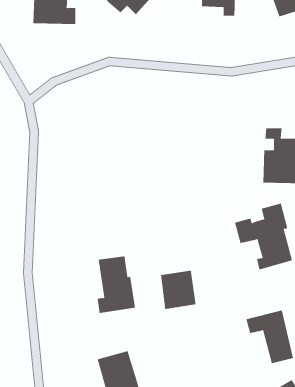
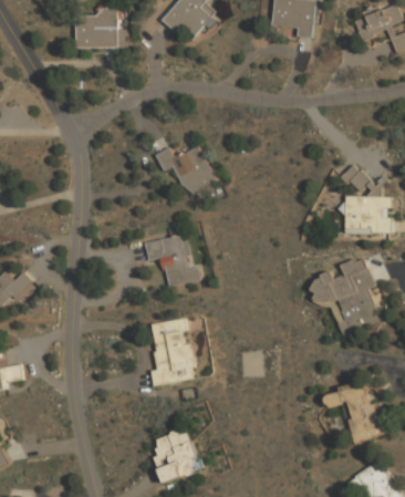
building: none -> [155,146,215,196]
building: none -> [144,236,199,286]
building: [161,270,196,310] -> none

